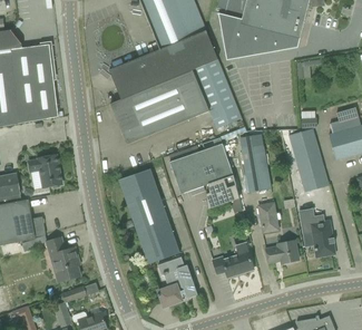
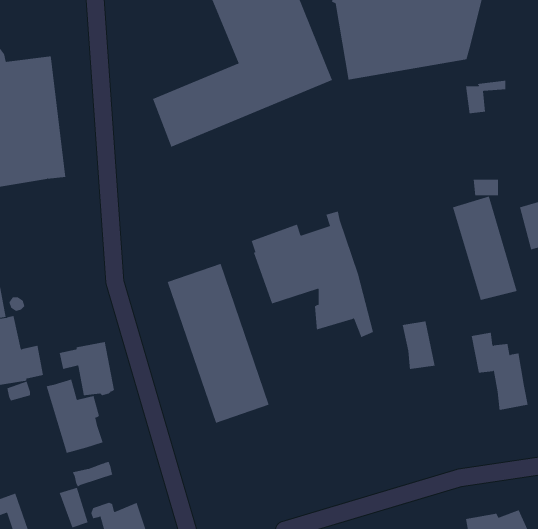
building: [110,59,245,145] -> none
building: [242,145,271,192] -> none
building: [28,155,61,187] -> [59,342,115,396]
building: [265,240,299,263] -> none
building: [213,252,254,278] -> none
building: [157,256,197,308] -> none

